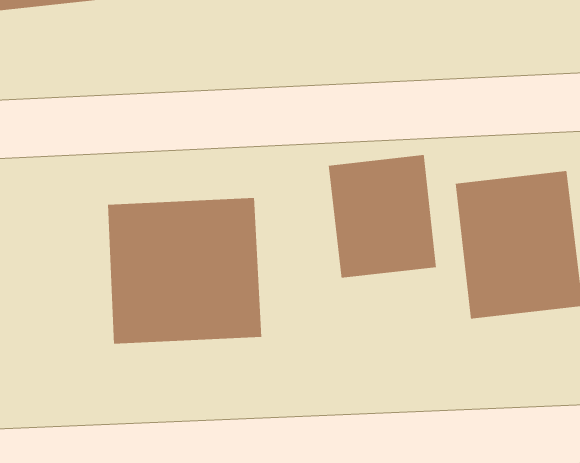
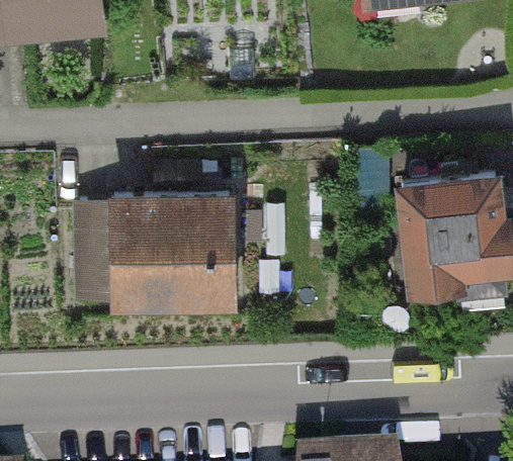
building: [328,154,436,279] -> none

